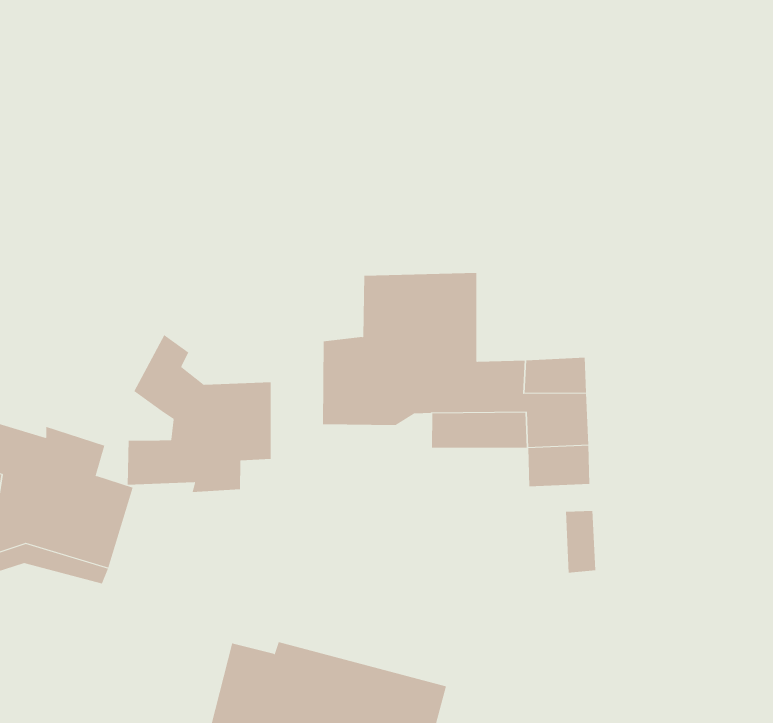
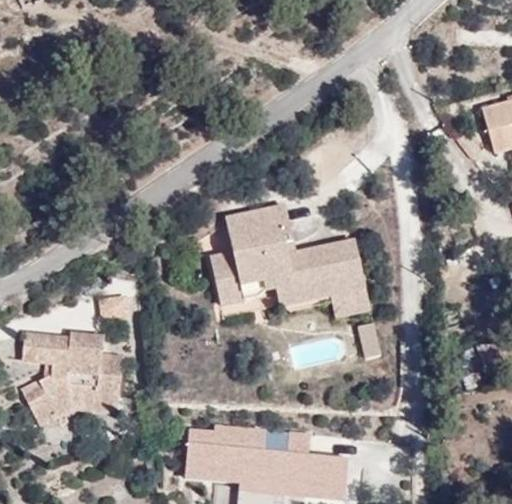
building: [127,334,271,493] -> none

